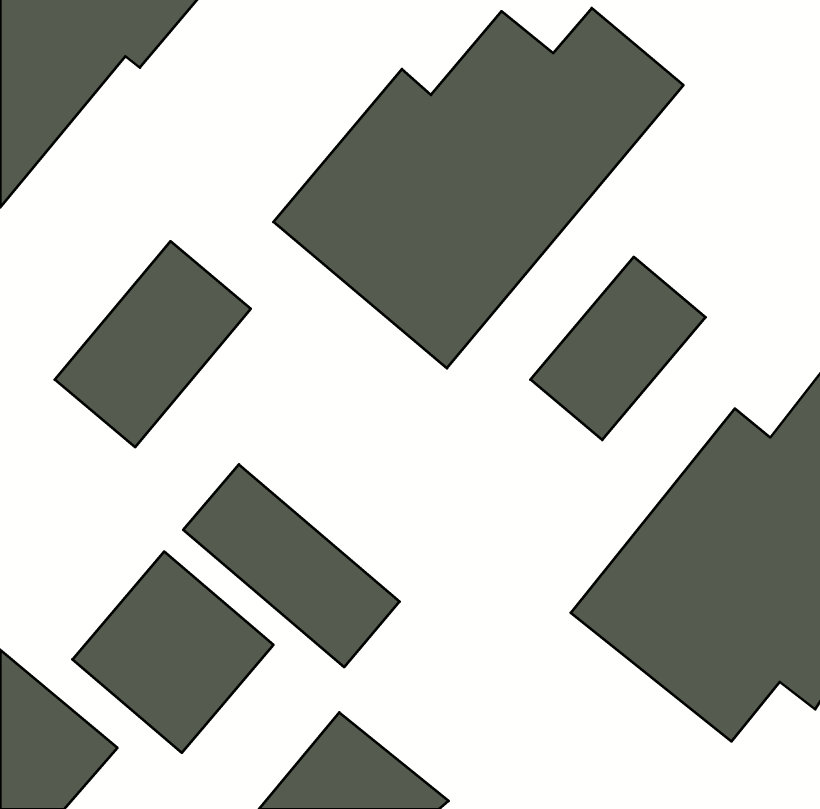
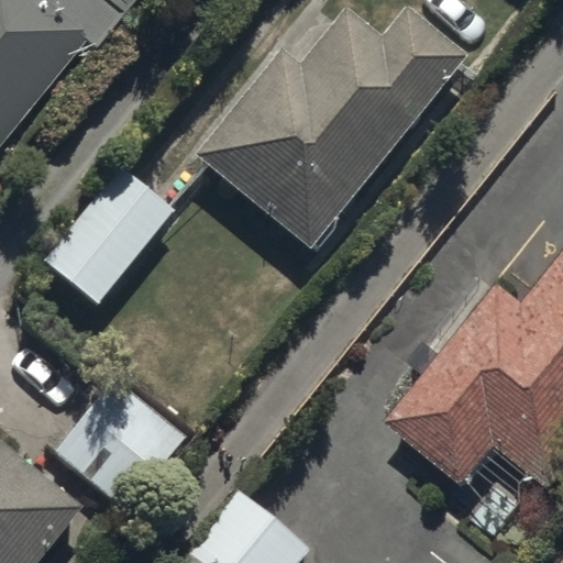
building: [530,257,706,440] -> none
building: [183,464,400,667] -> none

